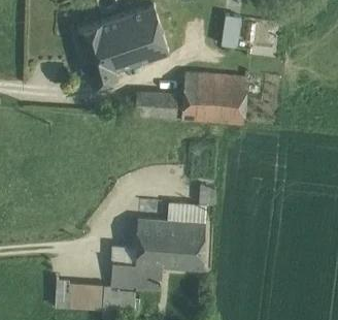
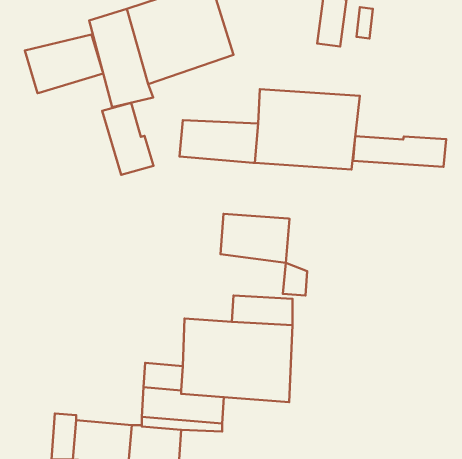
building: none -> [25,34,103,93]
building: none -> [102,103,154,175]
building: none -> [353,136,446,167]
building: none -> [220,214,290,263]

